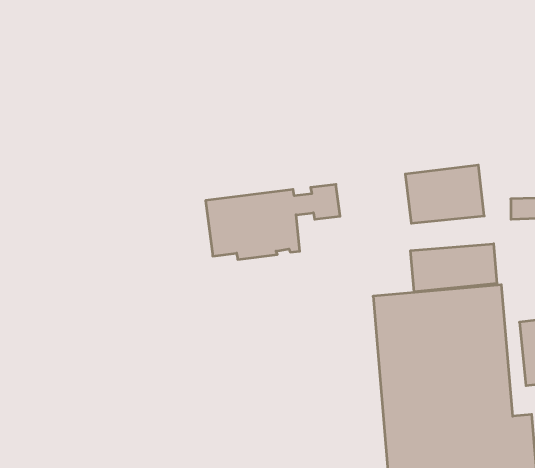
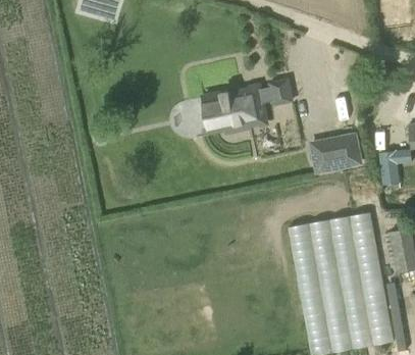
building: [206,184,340,259] -> [202,81,290,134]
building: [411,244,497,292] -> none

